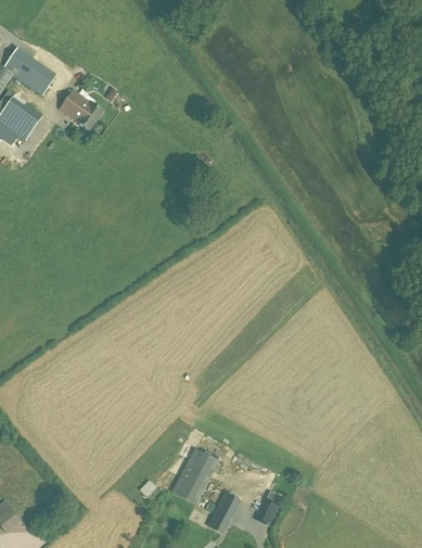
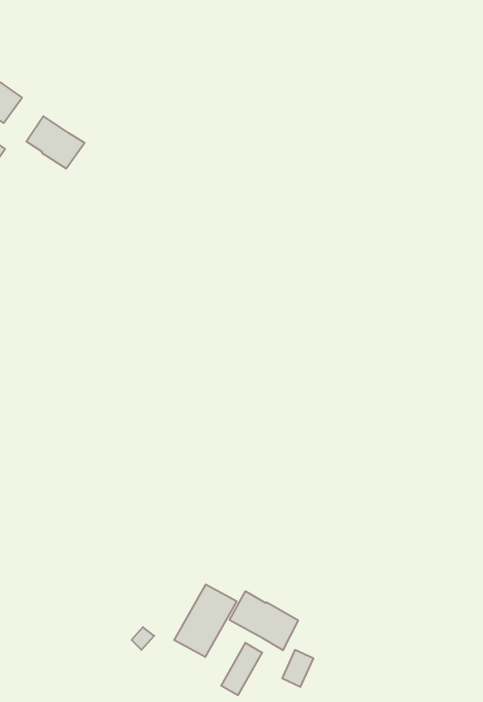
building: none -> [230,591,298,650]

